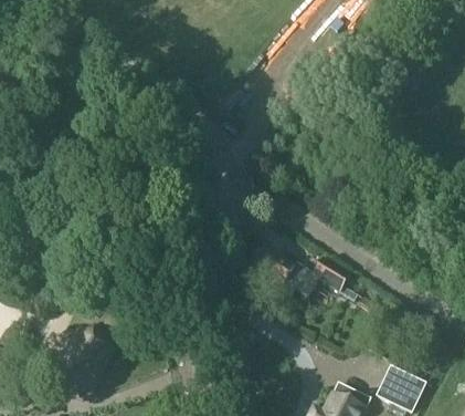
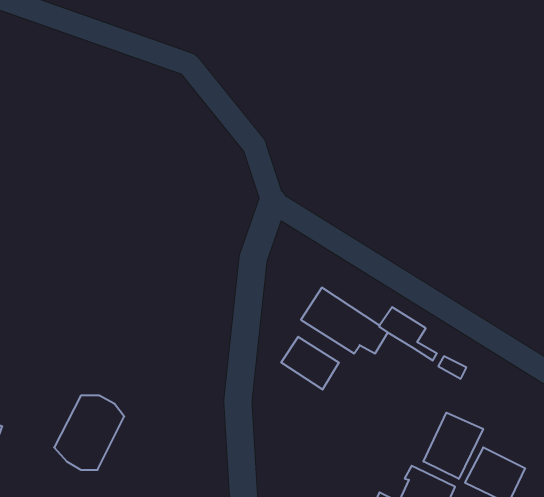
building: none -> [281,337,339,390]
building: none -> [423,413,483,479]

